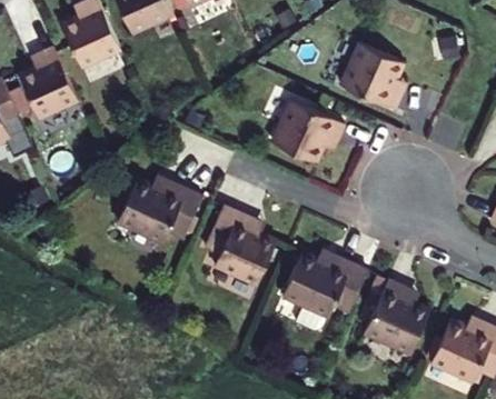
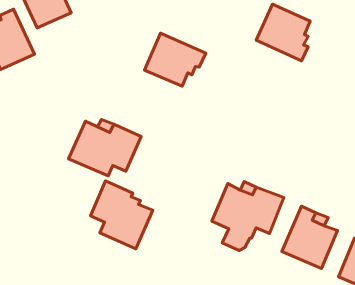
building: [270,100,343,162] -> [145,33,206,86]
building: [205,207,278,287] -> [90,181,153,249]

